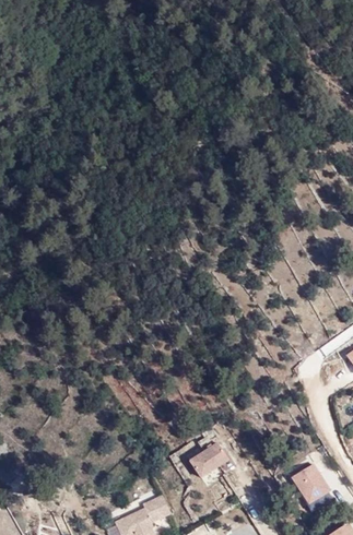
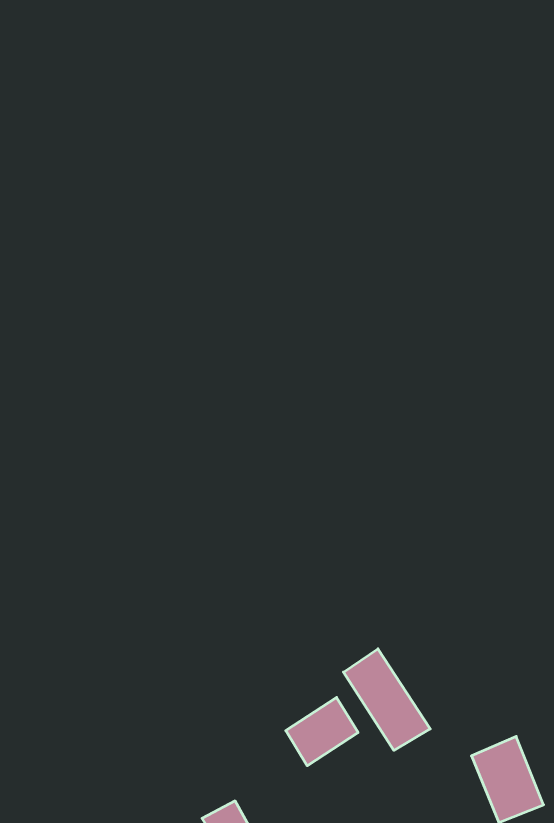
building: none -> [343,649,430,750]

